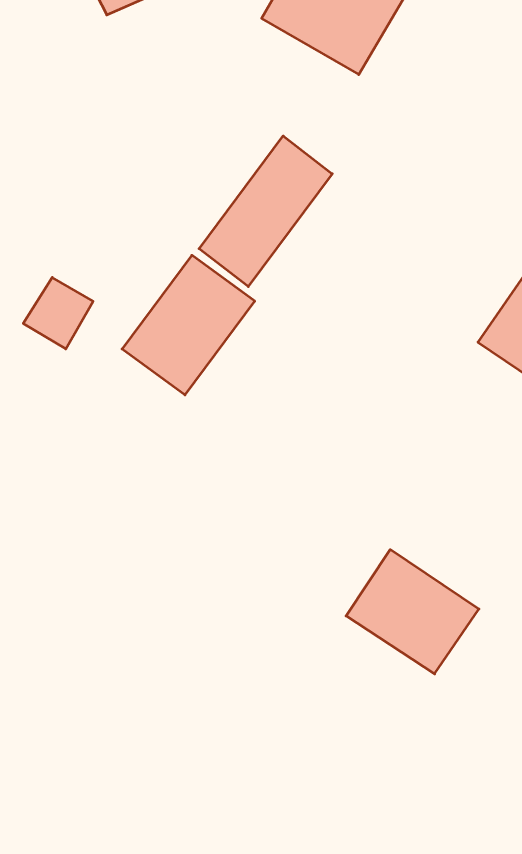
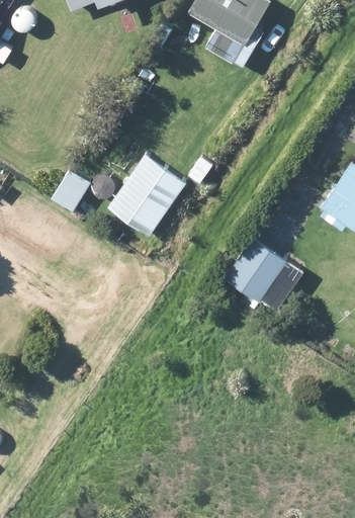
building: [199,136,332,287] -> none
building: [346,550,479,674] -> [221,237,300,311]

